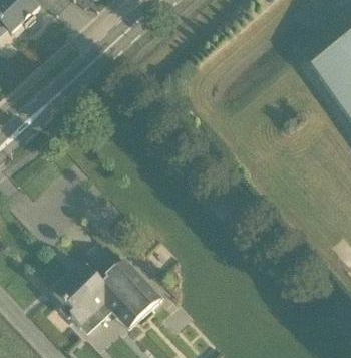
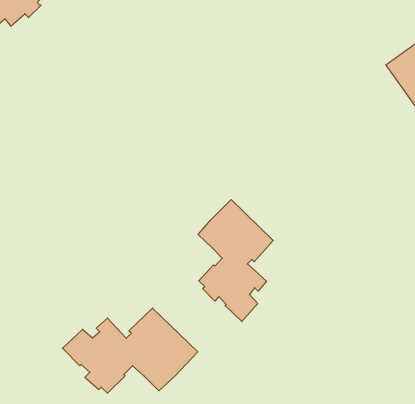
building: none -> [198,200,273,322]

